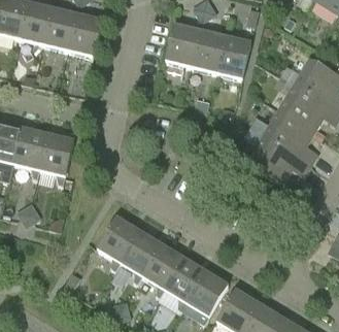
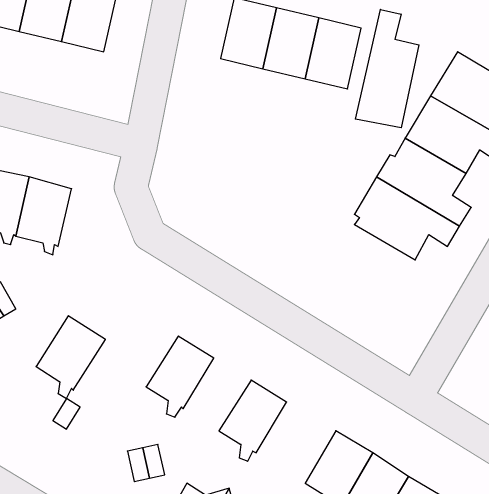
building: none -> [355,9,419,128]
building: [97,217,139,267] -> [36,316,105,399]
building: [142,244,183,294] -> none
building: [187,271,228,321] -> none

